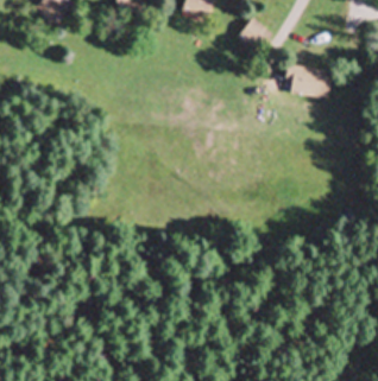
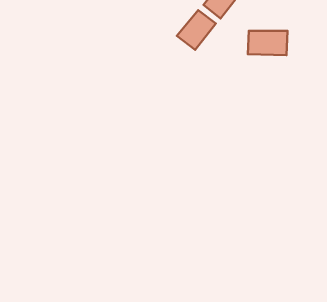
building: none -> [177,10,216,50]

